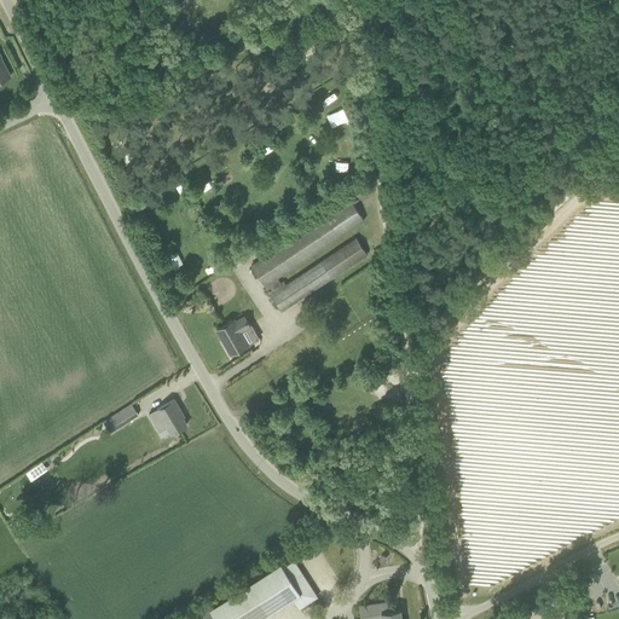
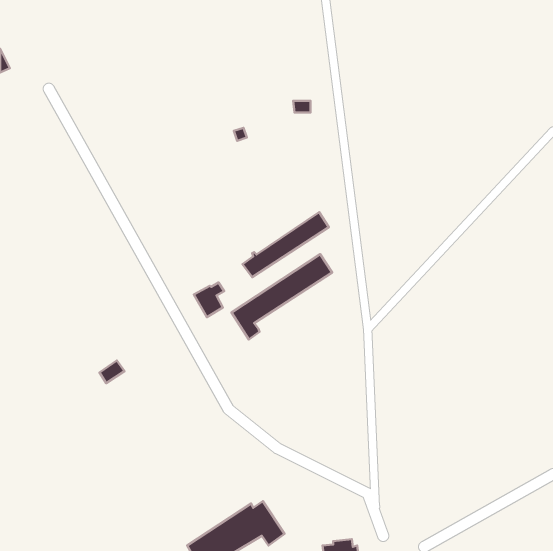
building: [251,202,364,297] -> [231,254,332,340]
building: [157,401,186,436] -> none

